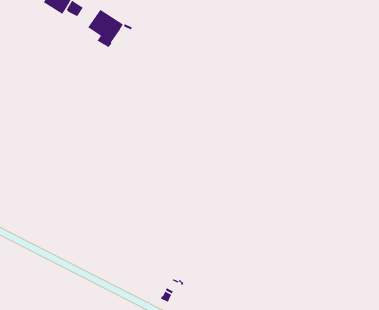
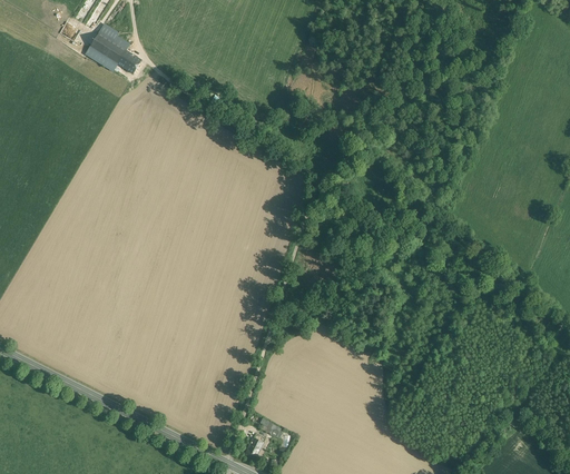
building: [87,9,124,48] -> none

